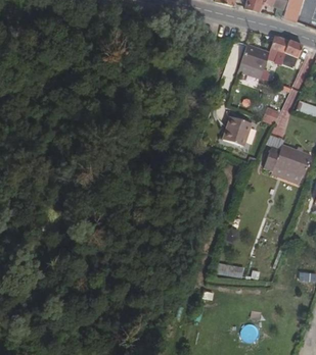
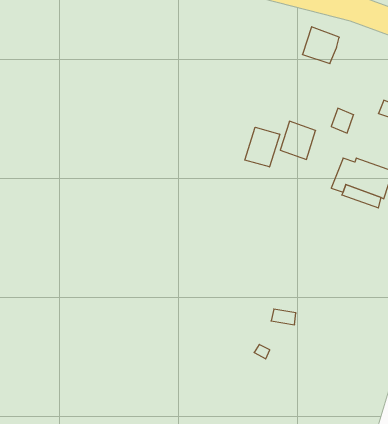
building: [267,36,303,68] -> none
building: none -> [245,127,280,167]

